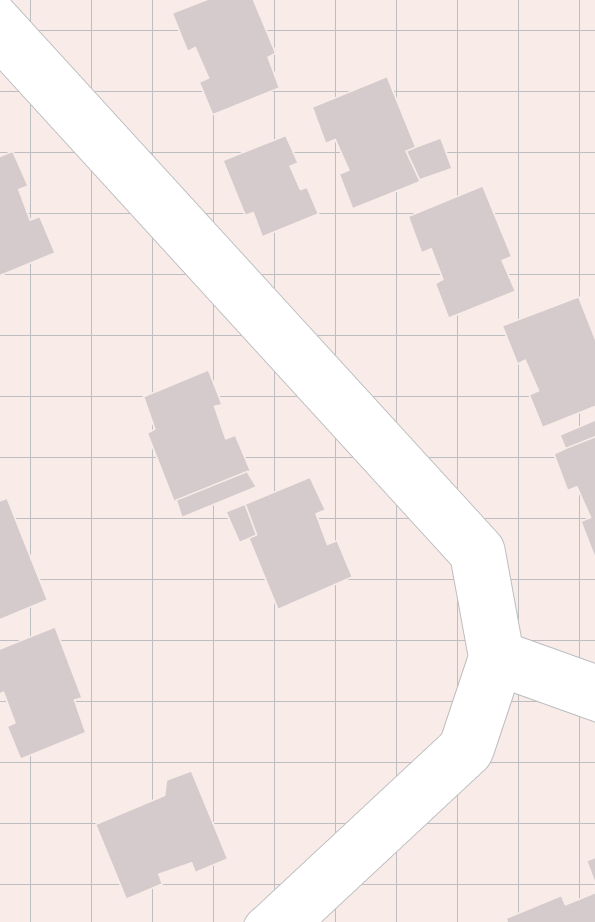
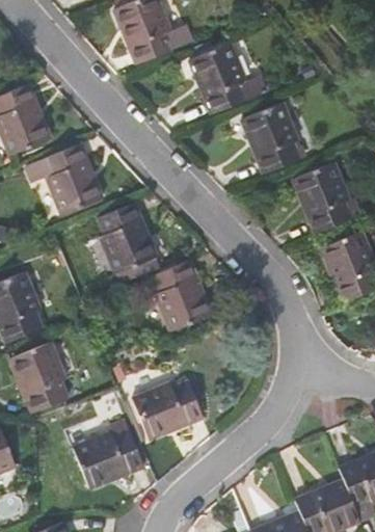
building: [223,135,318,237] -> none
building: none -> [45,143,103,214]
building: none -> [132,380,204,440]

